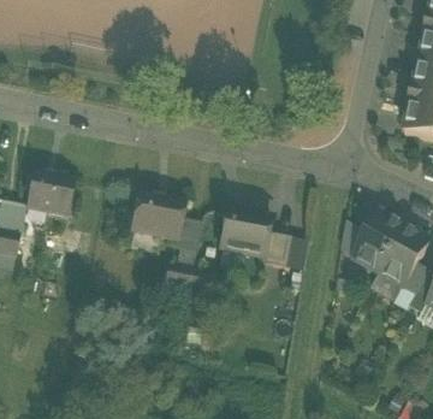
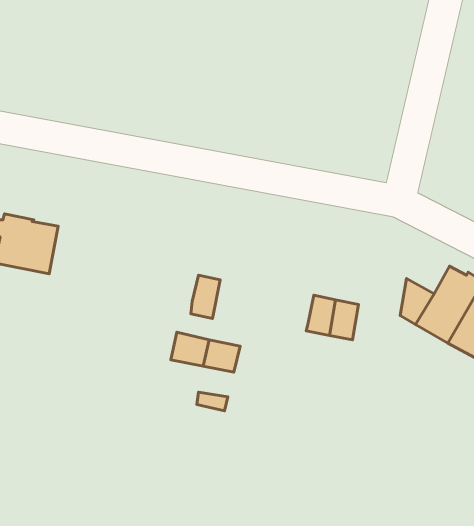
building: [129,191,180,237] -> none
building: [216,210,269,266] -> none

